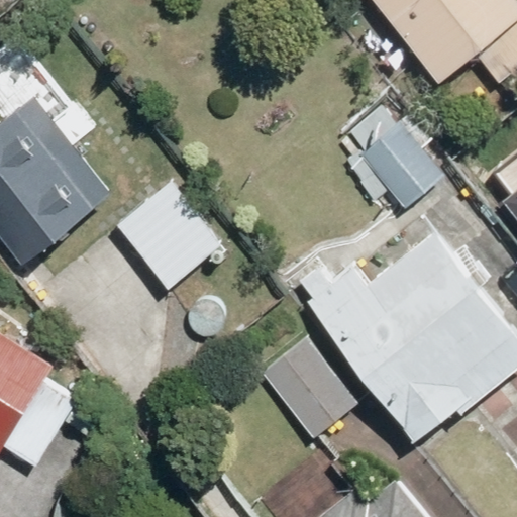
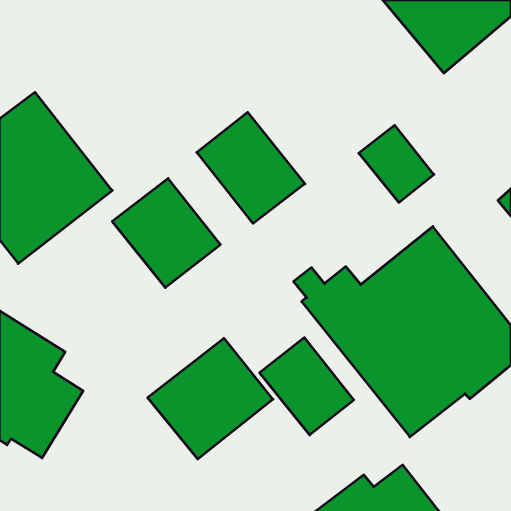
building: none -> [197,112,305,223]
building: none -> [148,338,273,459]

